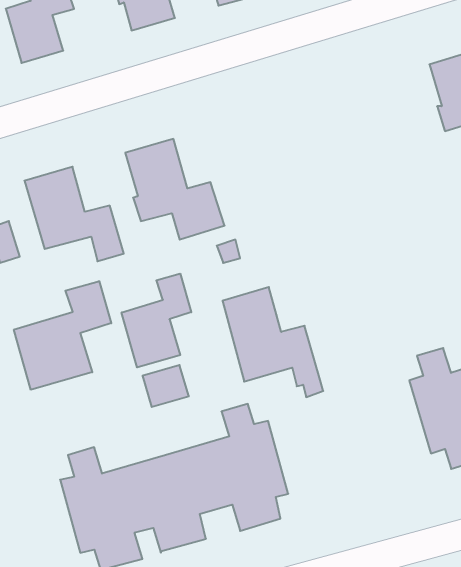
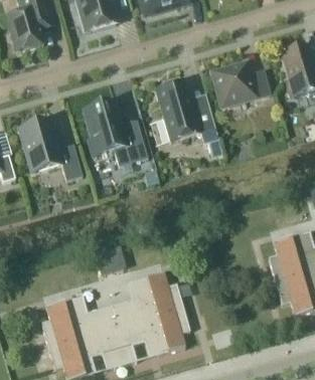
building: none -> [212,62,269,106]
building: [122,274,191,367] -> none
building: [14,281,111,390] -> none
building: [222,287,323,397] -> [155,79,220,151]

